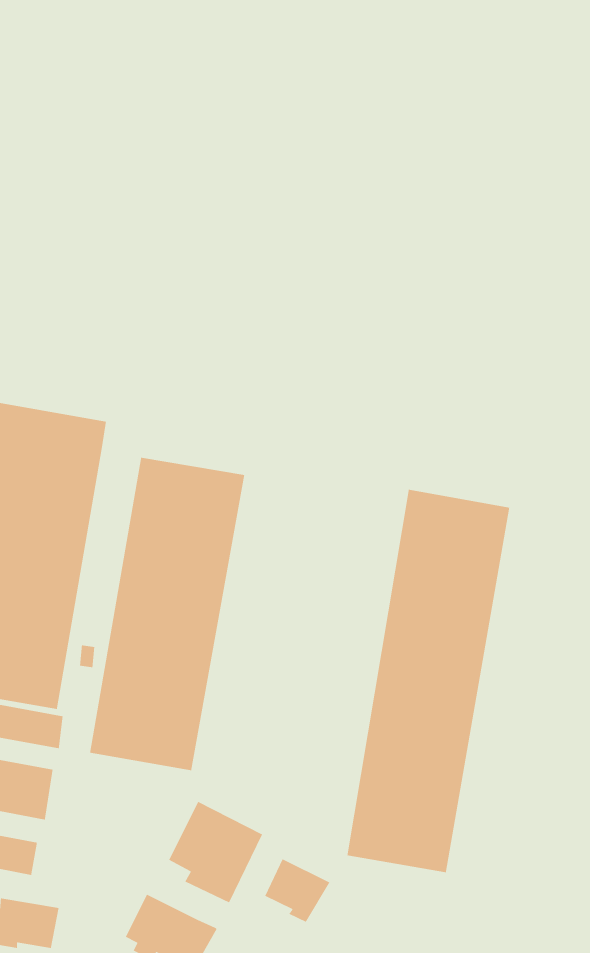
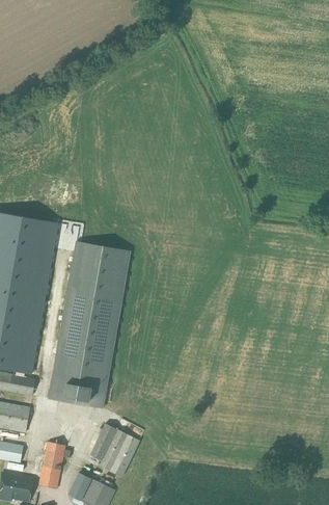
building: [347,489,510,873] -> none
building: none -> [38,442,66,488]
building: [264,858,330,923] -> none

